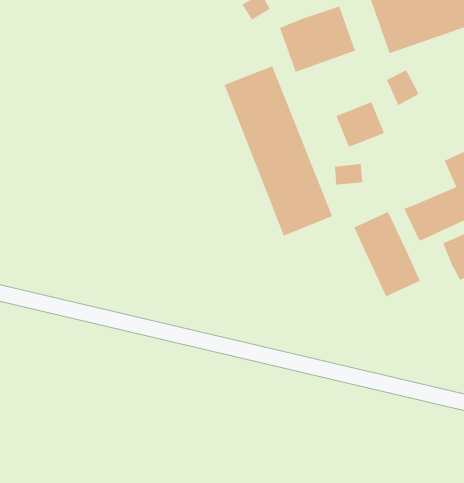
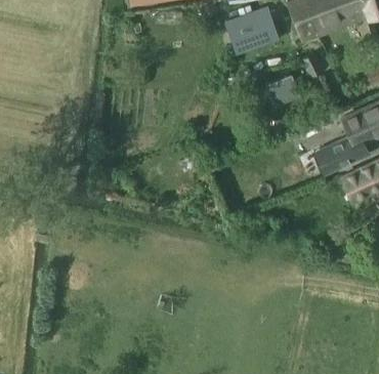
building: [224,65,333,237] -> none
building: [353,211,420,297] -> none

